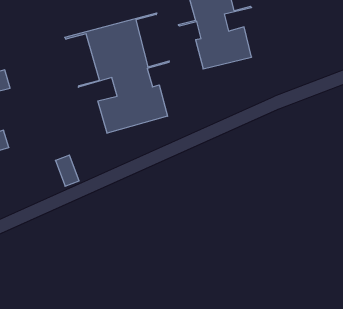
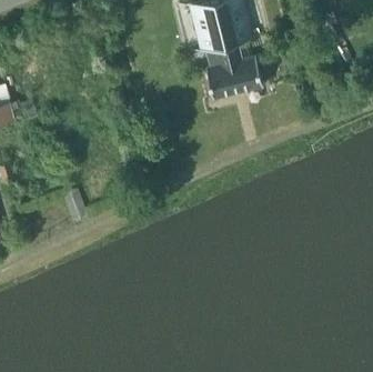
building: [65,13,169,133] -> none

